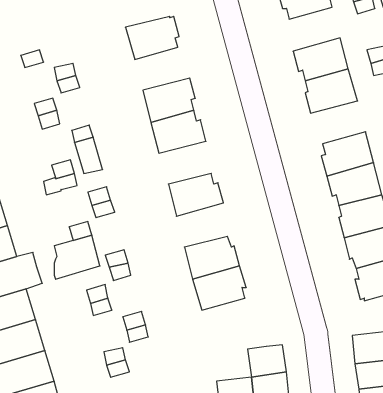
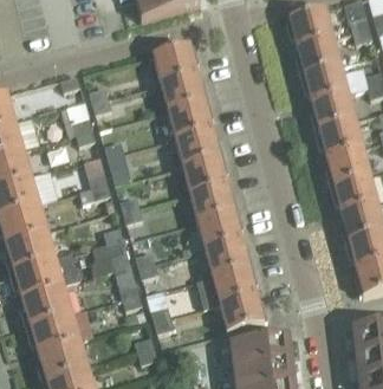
building: none -> [294,34,340,73]
building: none -> [160,70,208,108]
building: none -> [314,117,363,155]
building: none -> [181,153,228,190]
building: none -> [196,207,242,246]
building: none -> [219,291,267,329]
building: none -> [228,336,262,364]

